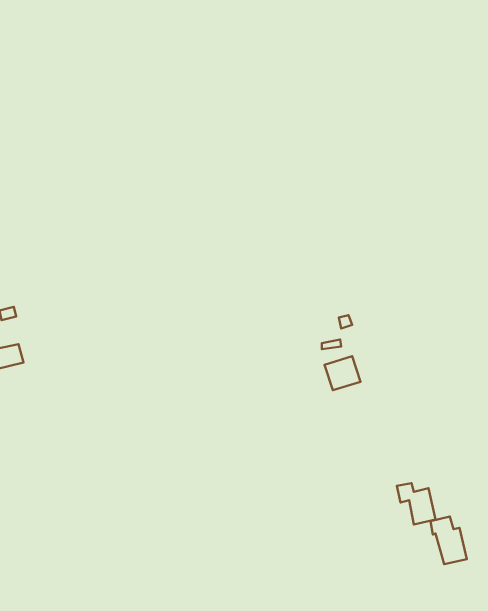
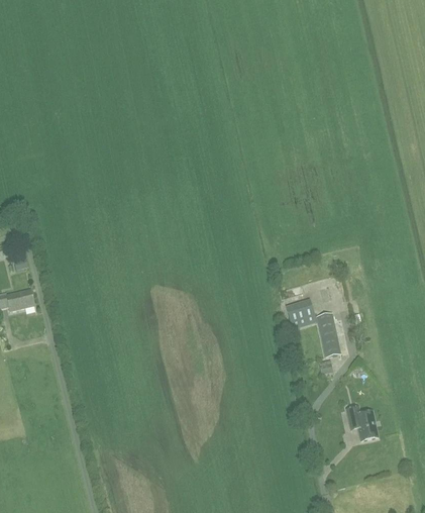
building: none -> [315,311,341,356]
building: [431,516,467,564] -> none

